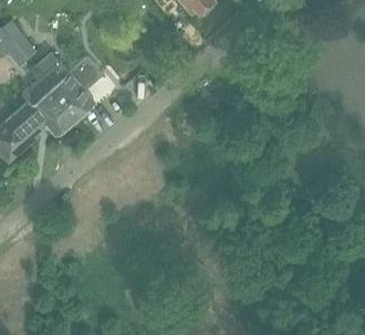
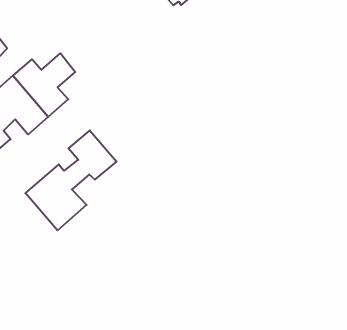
building: none -> [25,130,117,230]

